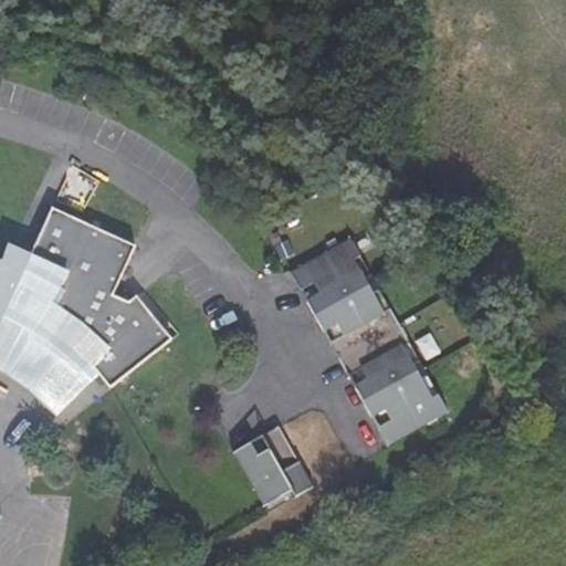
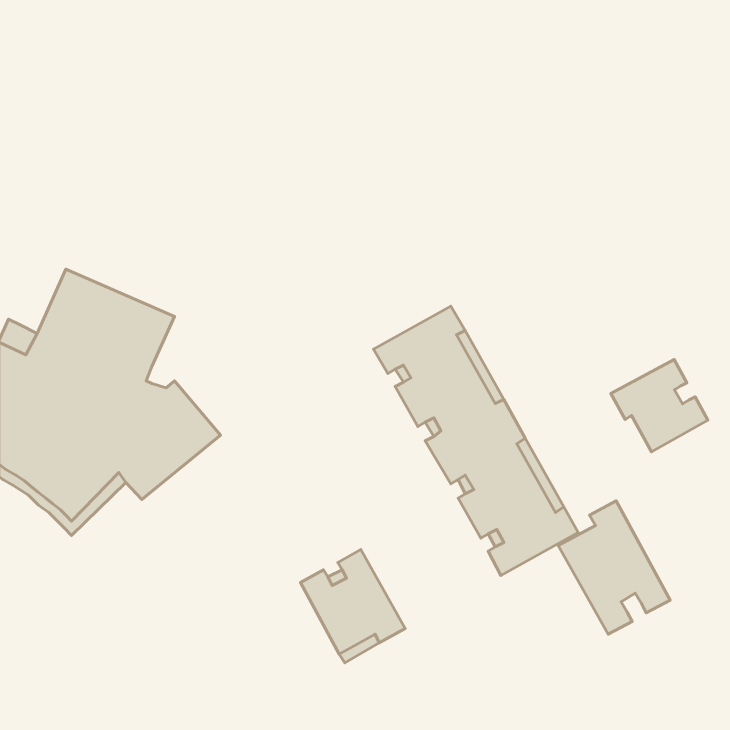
building: none -> [611,360,708,452]
building: none -> [558,501,670,634]

